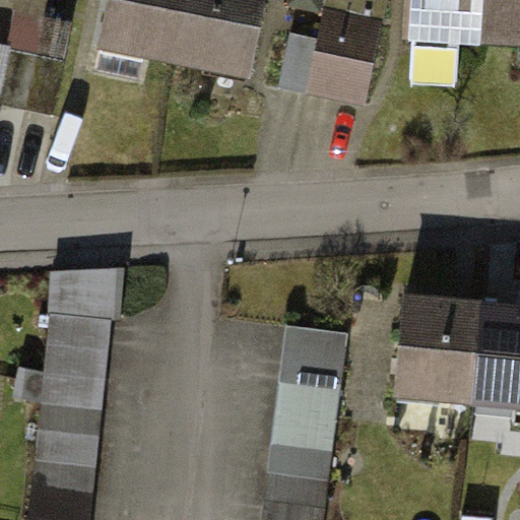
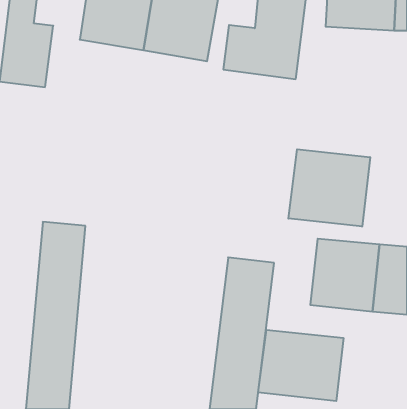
building: none -> [288,149,370,227]
building: none -> [258,330,343,401]

